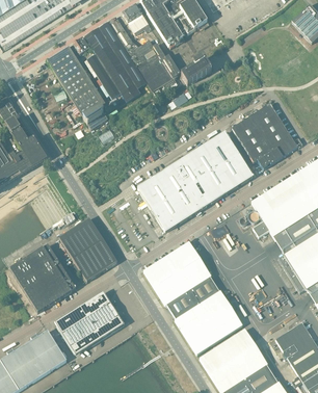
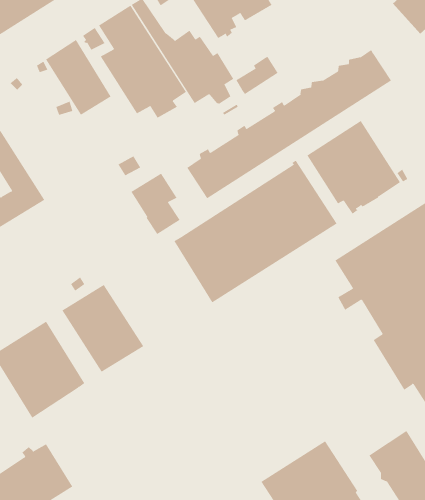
building: none -> [187,49,392,199]
building: [72,85,107,129] -> [130,173,181,235]
building: [142,240,242,353] -> none
building: [54,290,124,353] -> none

